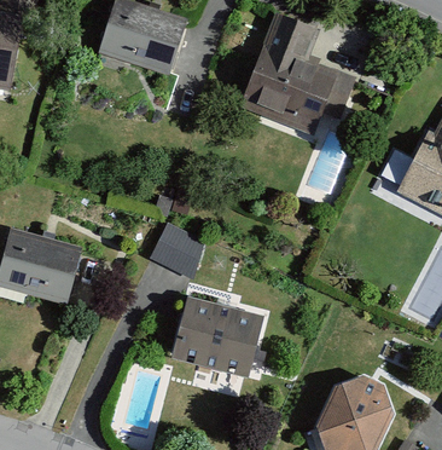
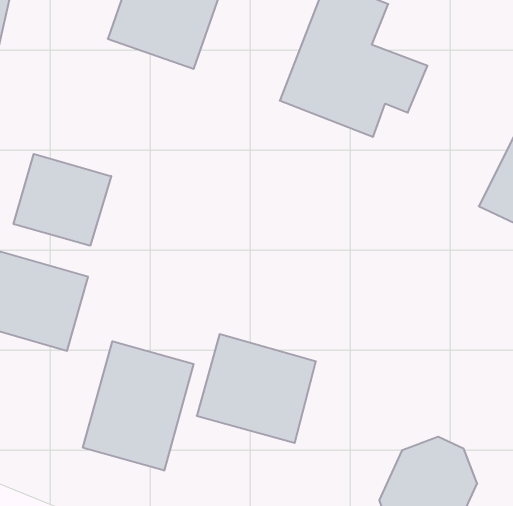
building: none -> [14,154,111,246]
building: [152,221,208,272] -> none
building: none -> [83,341,194,471]

